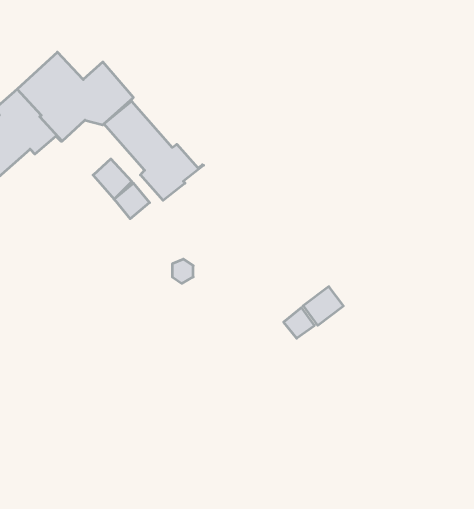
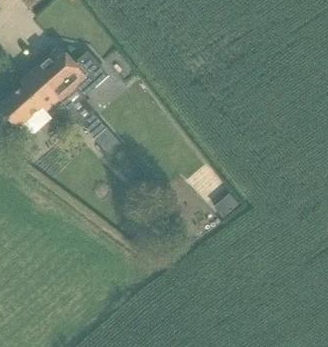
building: [104,101,204,200] -> none

